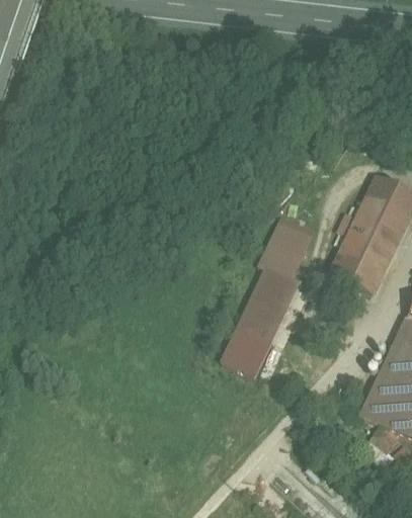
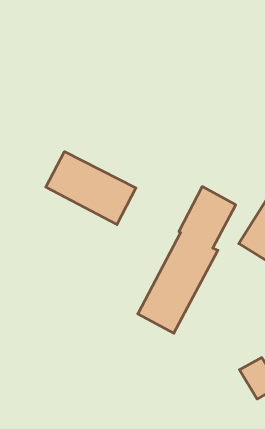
building: none -> [46,152,136,225]

